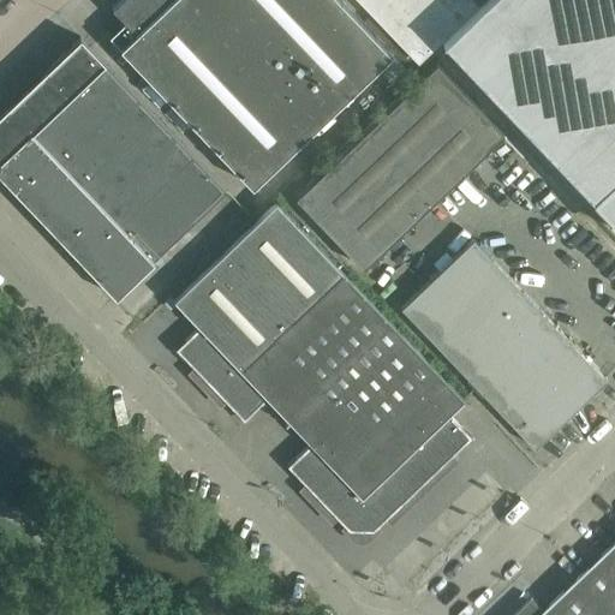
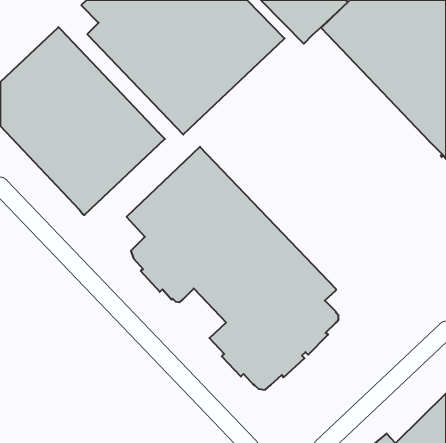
building: [295,67,503,271] -> none
building: [401,244,607,452] -> none

